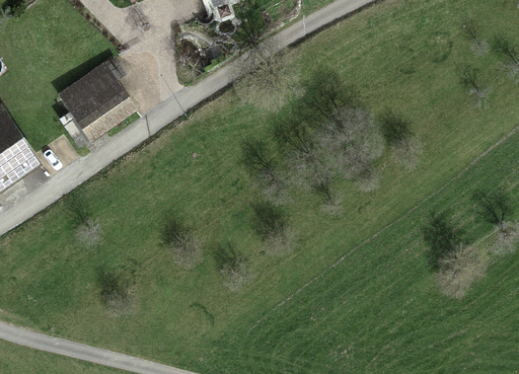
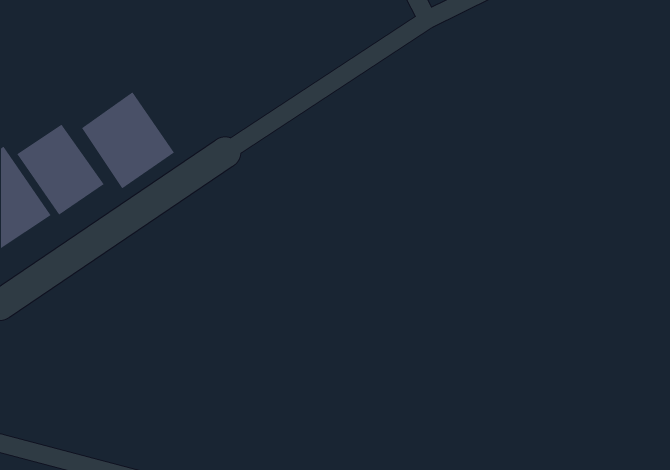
building: none -> [16,124,104,216]

